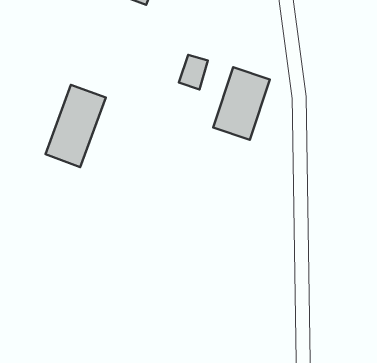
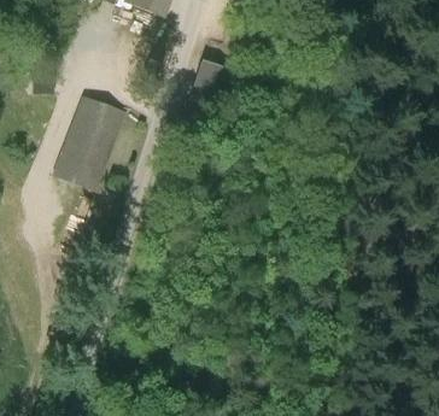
building: [213,67,270,140] -> none

